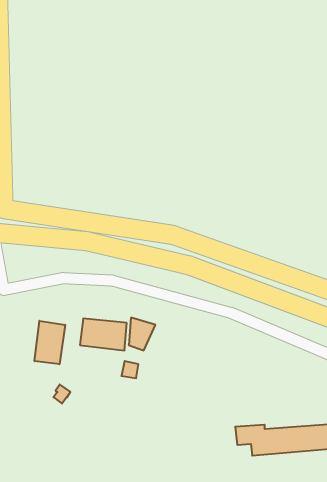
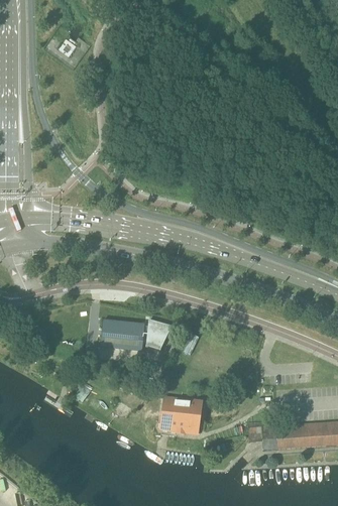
building: [35,321,65,364] -> none
building: none -> [158,397,201,433]

